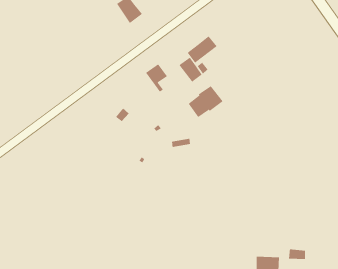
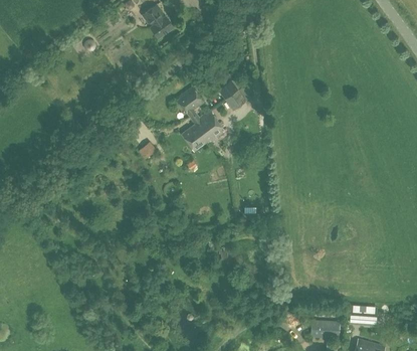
building: [187,35,218,64] -> none
building: [188,85,223,118] -> [181,111,224,150]

